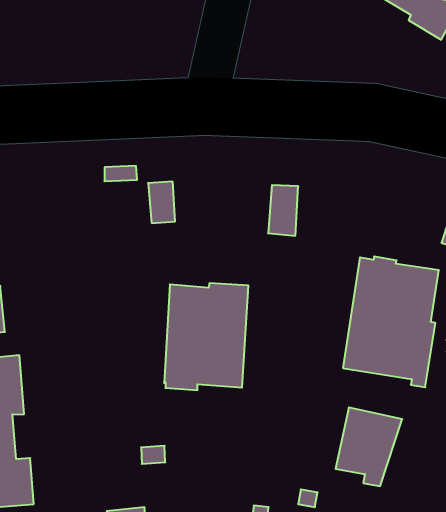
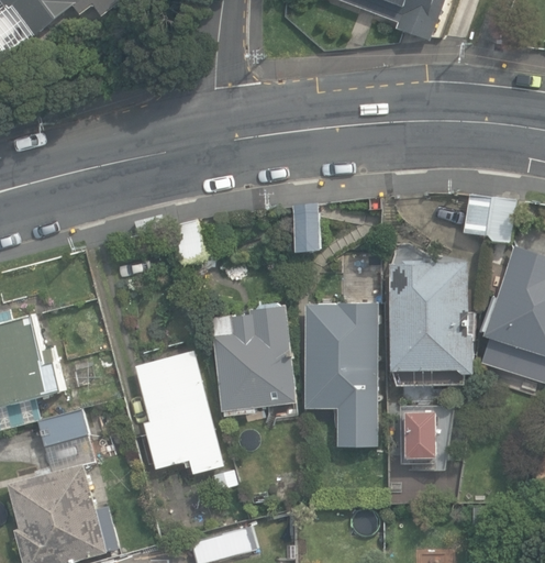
building: none -> [303,303,377,448]
building: none -> [134,351,224,474]

